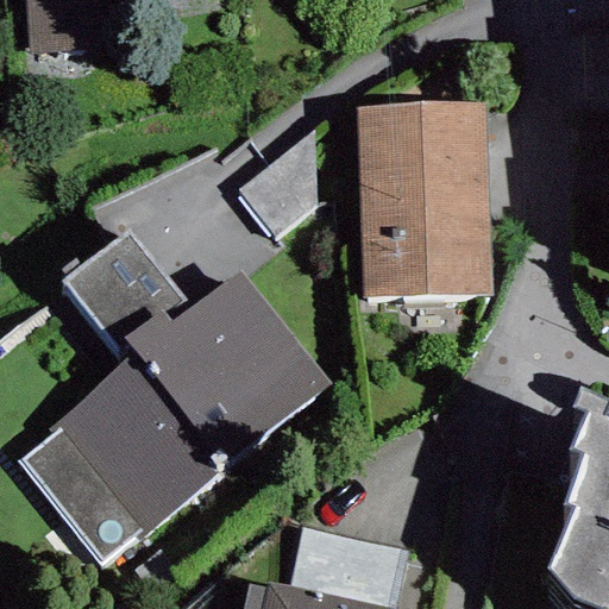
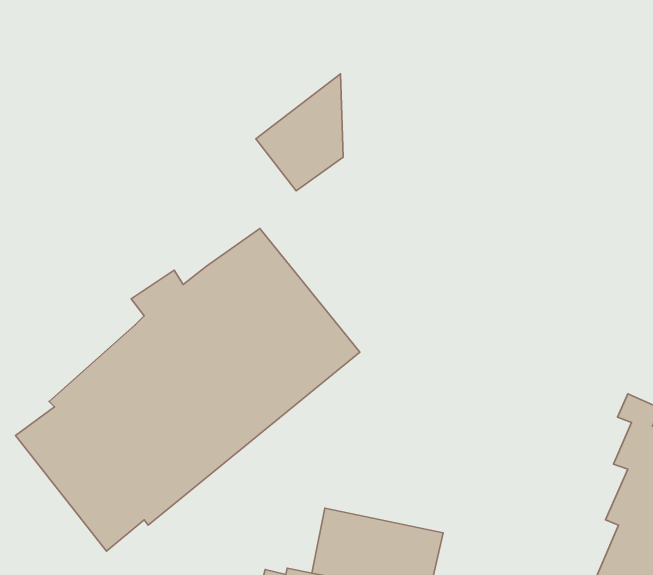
building: [360,103,494,295] -> none
building: [59,228,192,359] -> none

